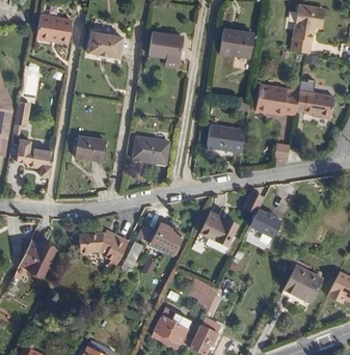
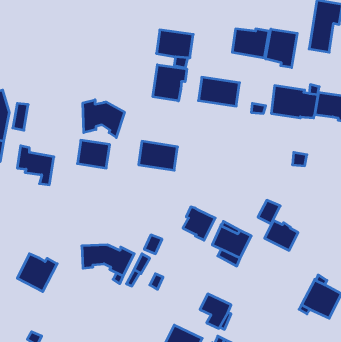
building: [36,15,72,42] -> none
building: [87,31,123,58] -> none
building: none -> [266,29,297,68]
building: none -> [153,65,187,101]
building: none -> [83,100,124,138]
building: [207,125,245,152] -> [198,77,240,106]
building: [153,223,183,254] -> [183,207,215,240]

